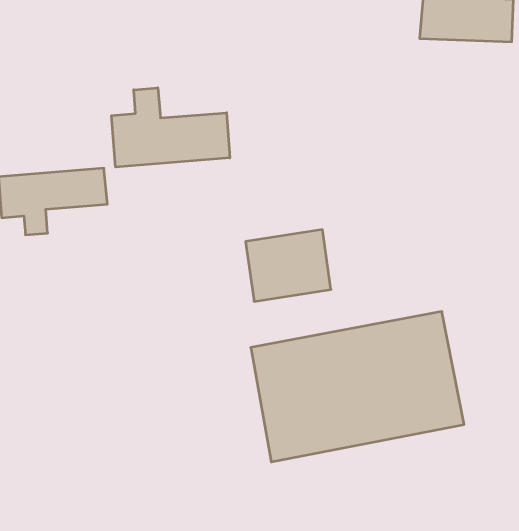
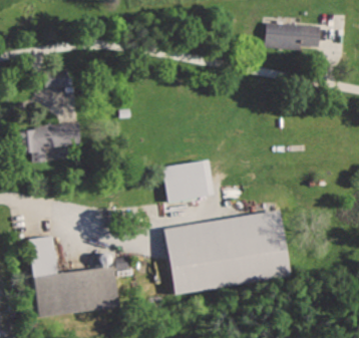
building: [112,88,230,167] -> none
building: none -> [29,236,120,316]

